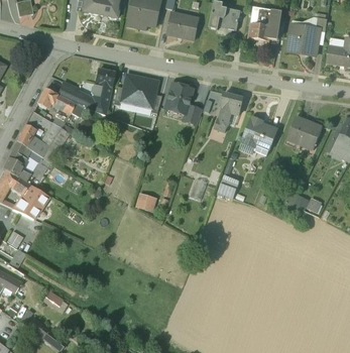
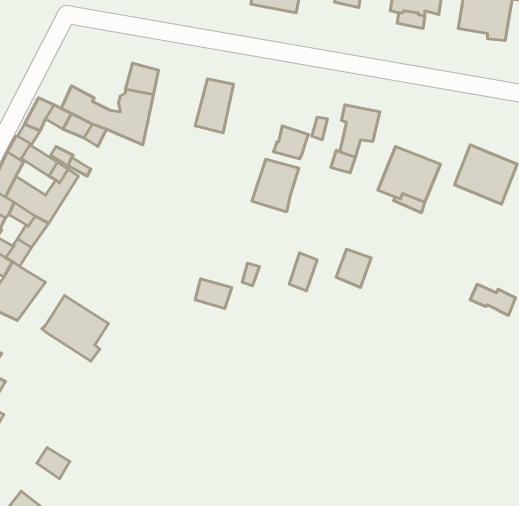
building: [120,73,142,104] -> none
building: [163,83,191,113] -> [252,159,299,212]
building: none -> [42,296,108,361]

